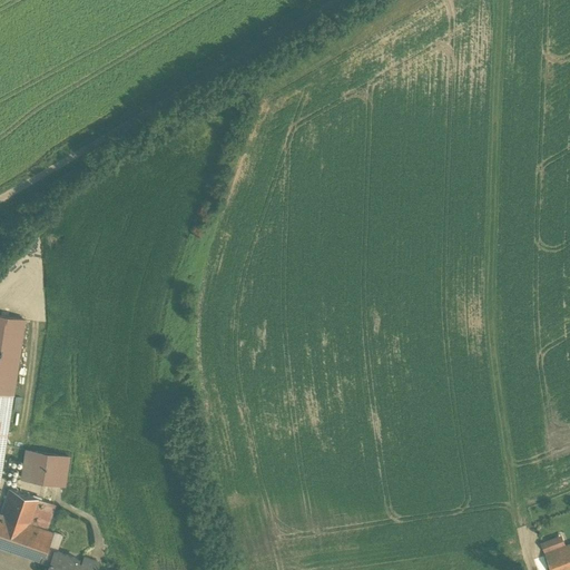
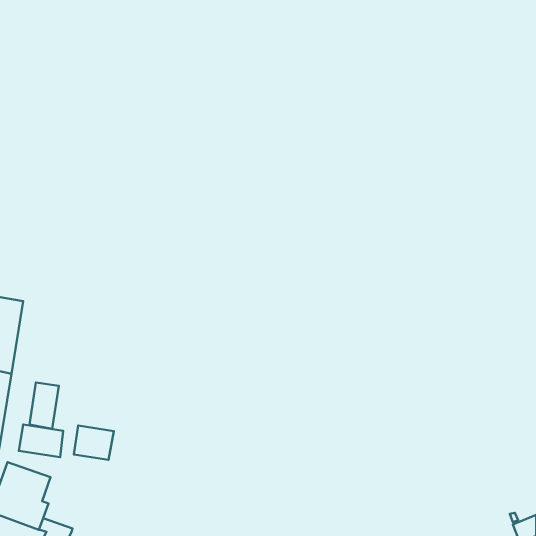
building: none -> [30,383,59,429]
building: none -> [74,426,114,460]

